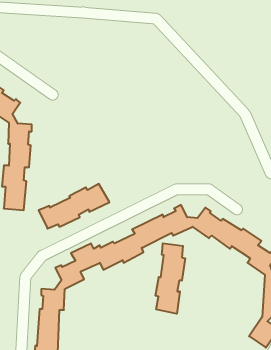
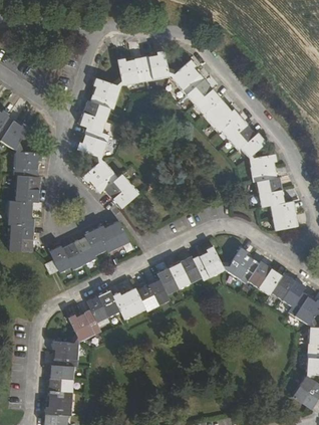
building: none -> [76,50,298,230]
building: [156,243,185,314] -> none

